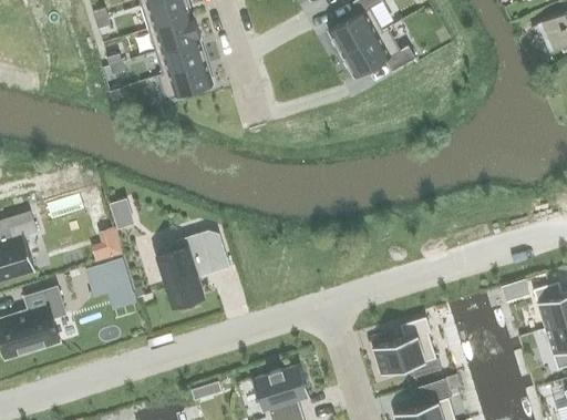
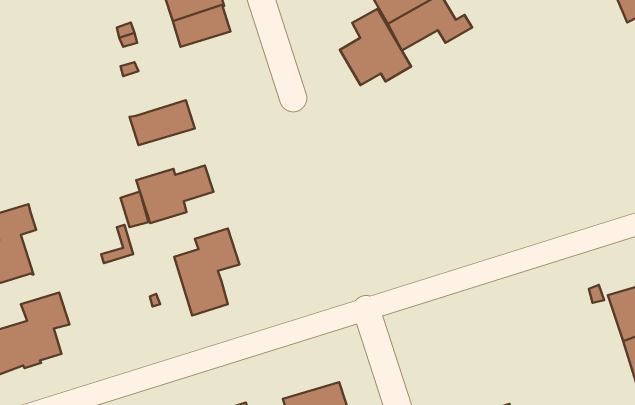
building: none -> [340,9,411,85]
building: [157,61,214,100] -> [130,100,195,145]
building: none -> [136,166,213,223]
building: [90,266,130,296] -> none
building: [373,317,436,376] -> none

